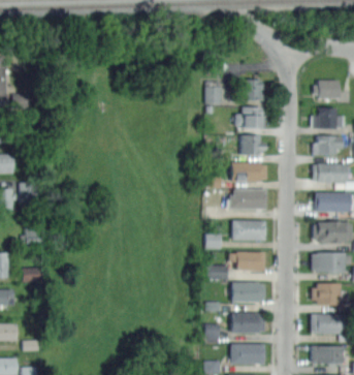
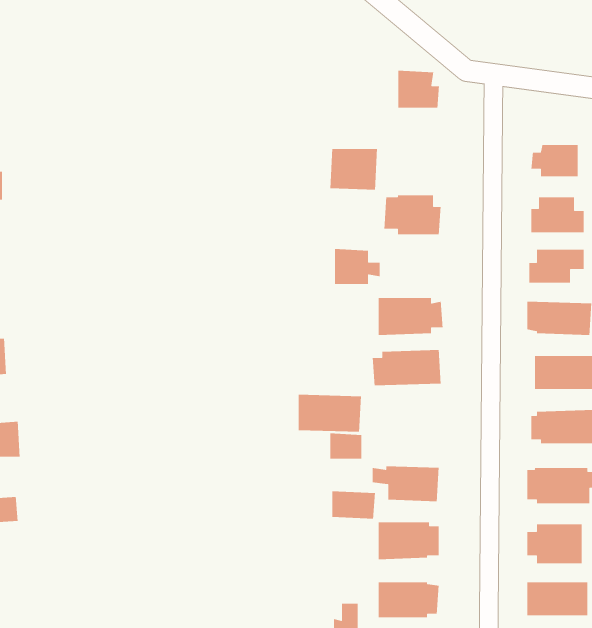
building: [243,80,265,100] -> [397,70,440,109]
building: [240,135,265,155] -> [334,248,381,285]
building: [231,220,265,241] -> [298,394,362,433]

